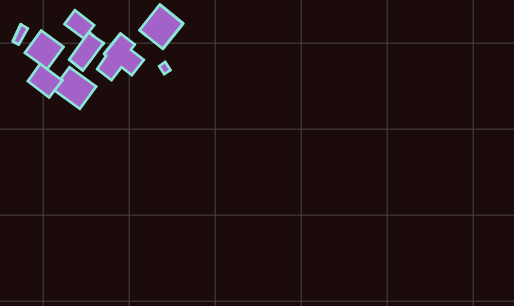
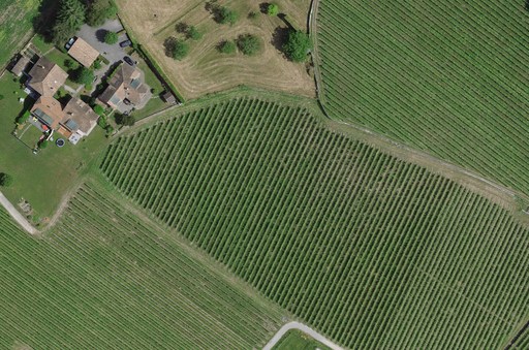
building: [139,5,183,49] -> none
building: [69,32,104,71] -> none

